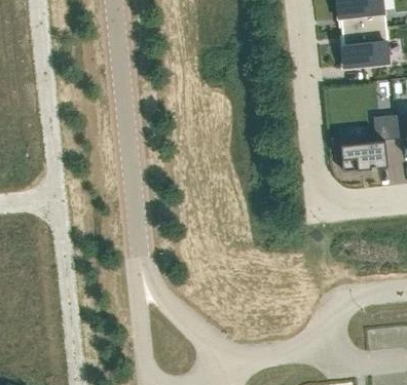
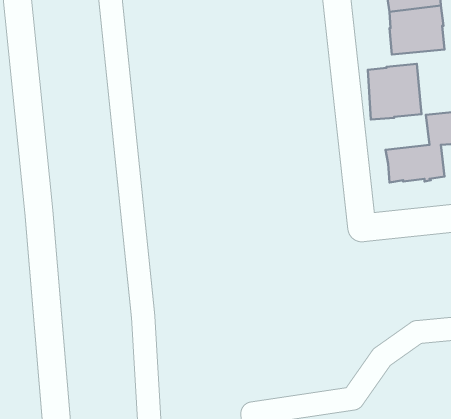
building: none -> [368,64,422,120]

